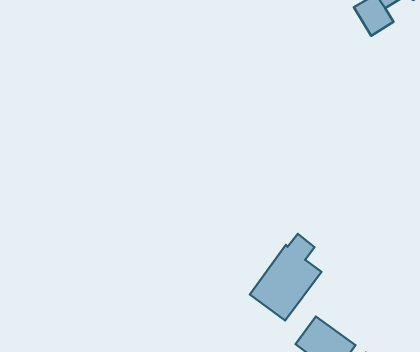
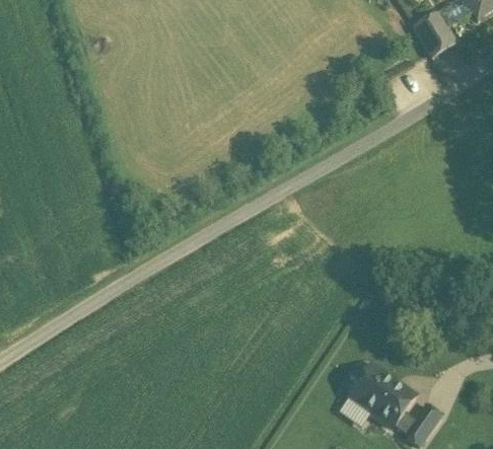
building: [250,234,321,320] -> none

